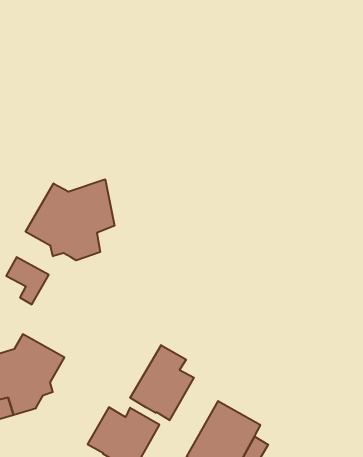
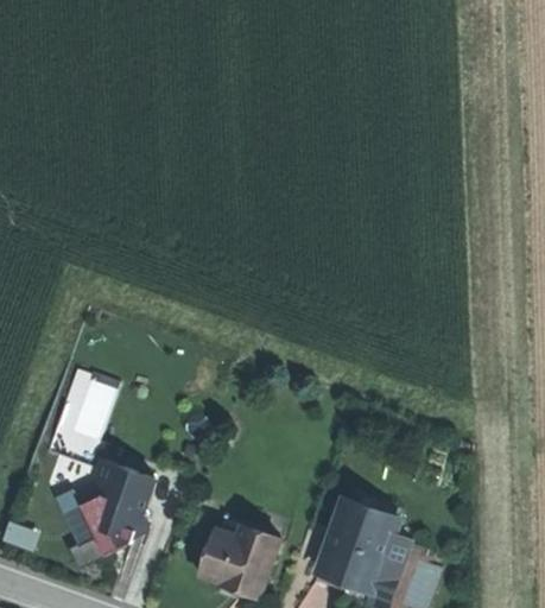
building: [26,179,115,260] -> none
building: [130,345,194,420] -> none

